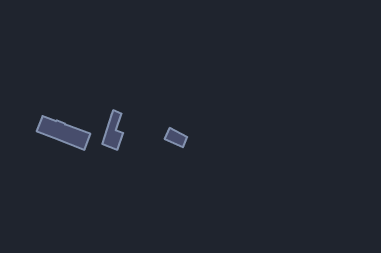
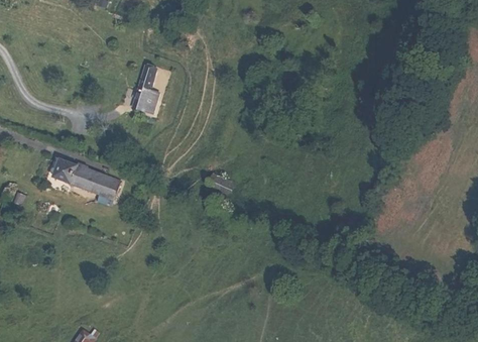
building: [102,110,123,150] -> [135,67,160,114]

